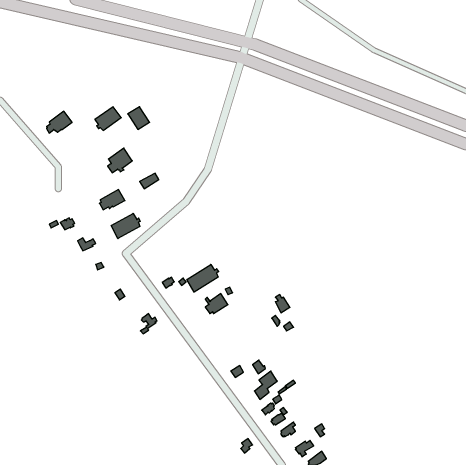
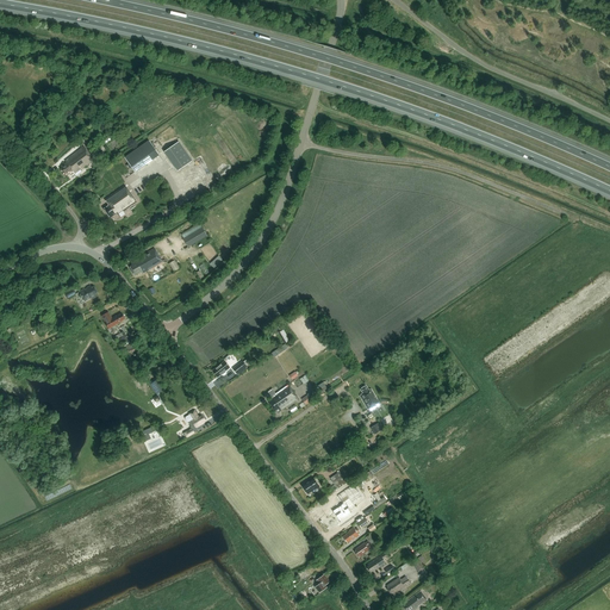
building: [108,148,132,173] -> [104,185,136,217]
building: [111,213,140,239] -> none
building: [187,264,219,292] -> none

